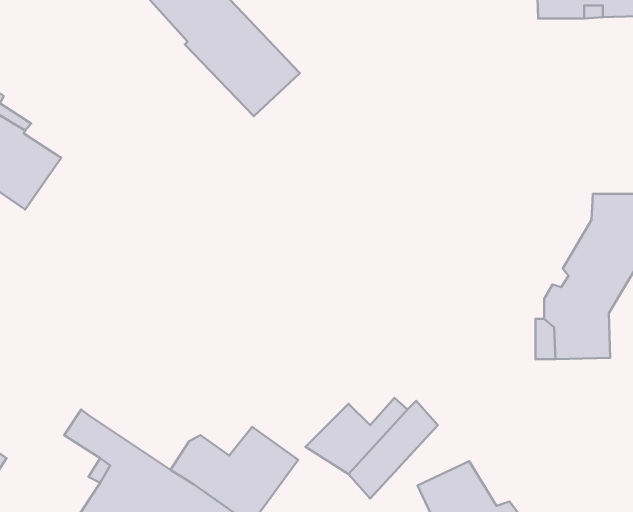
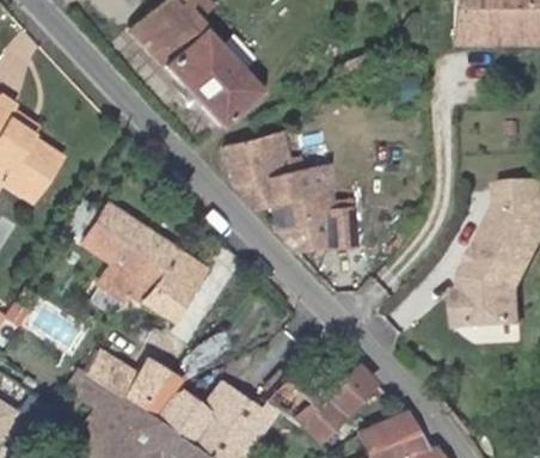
building: none -> [228,132,357,251]
building: none -> [84,206,204,316]
building: none -> [86,353,170,419]

